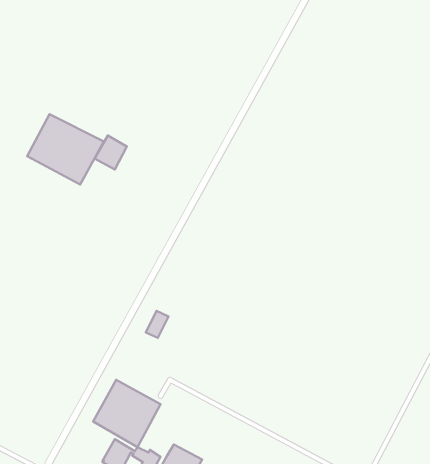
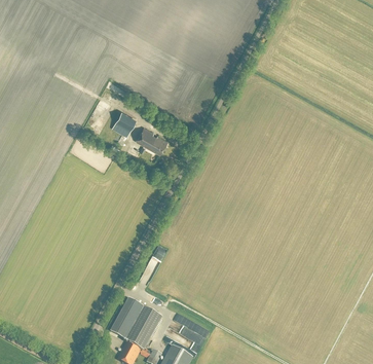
building: [27,114,104,185] -> none
building: none -> [136,125,167,152]

